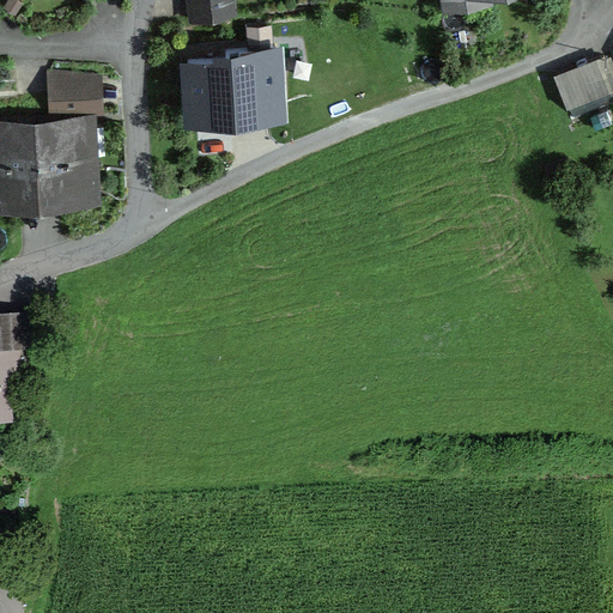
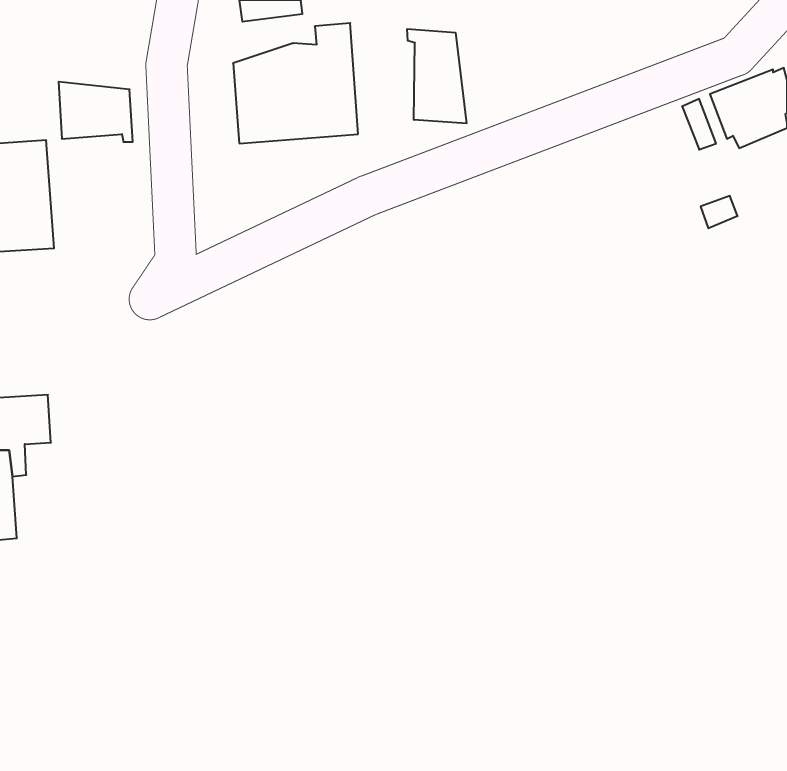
building: none -> [407,29,466,123]
building: [36,117,101,206] -> none

